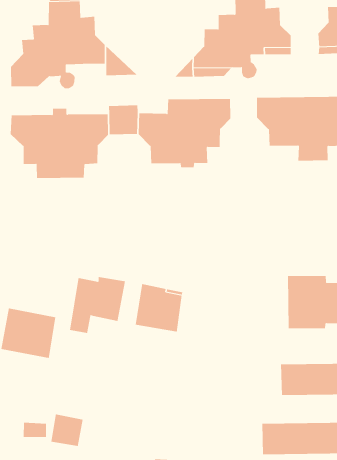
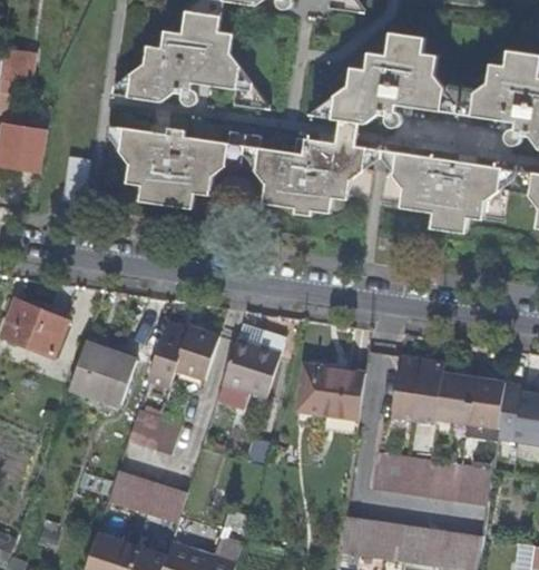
building: none -> [295,363,363,426]
building: none -> [128,410,184,454]
building: none -> [146,481,187,521]

